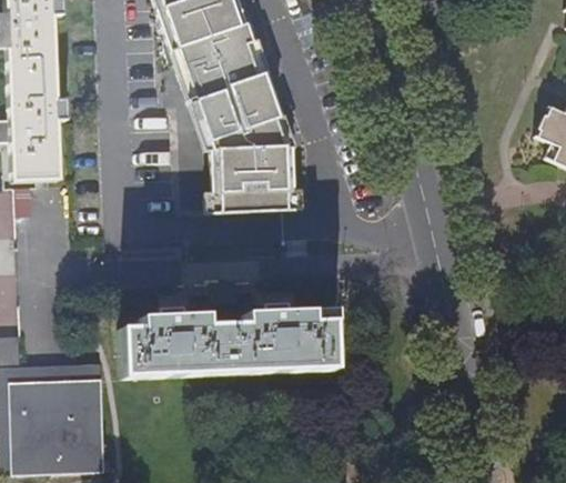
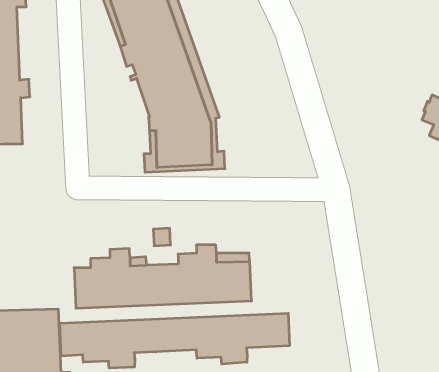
building: none -> [60,313,289,368]

